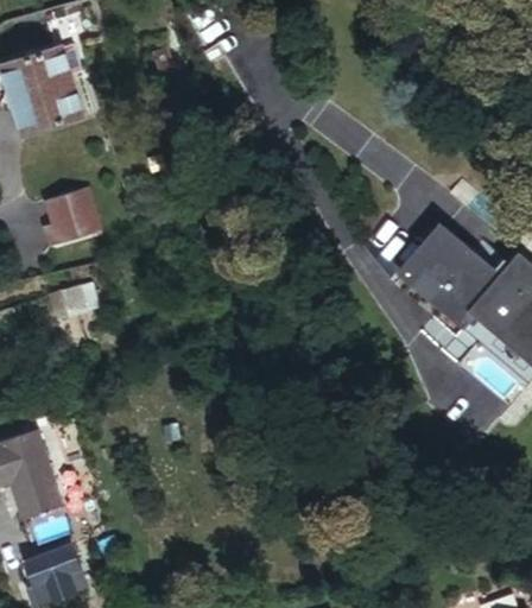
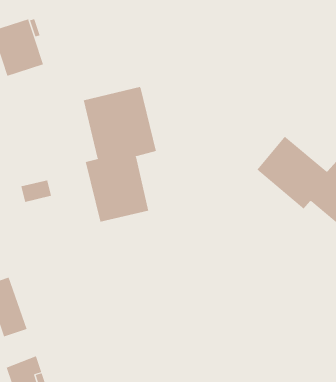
building: none -> [83,86,157,222]
building: [42,185,102,245] -> none

